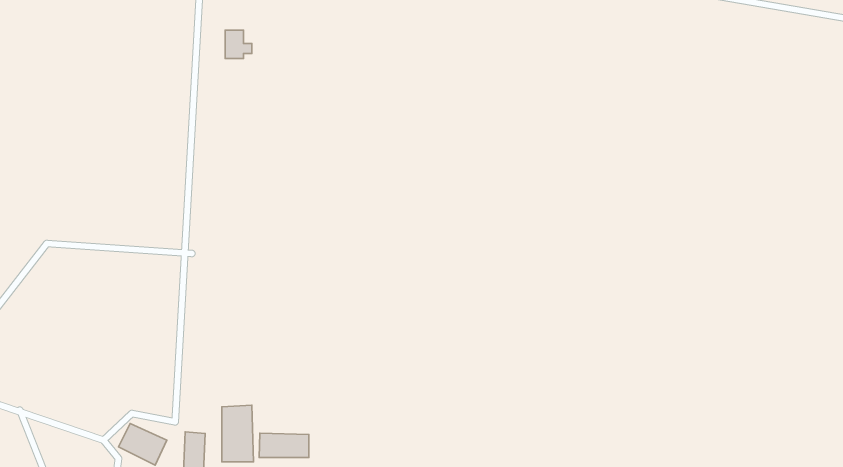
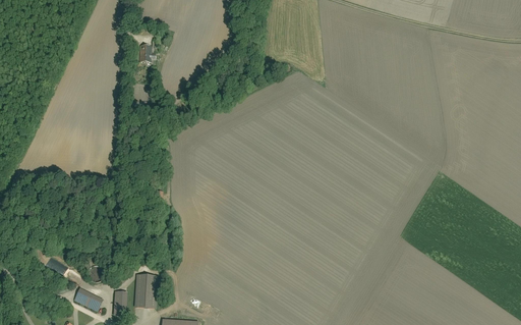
building: [259,433,309,457] -> none

